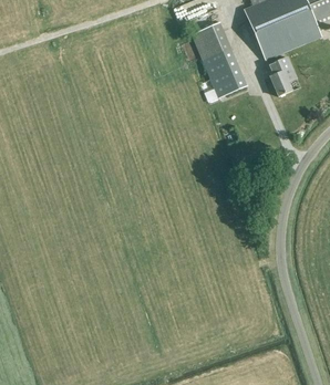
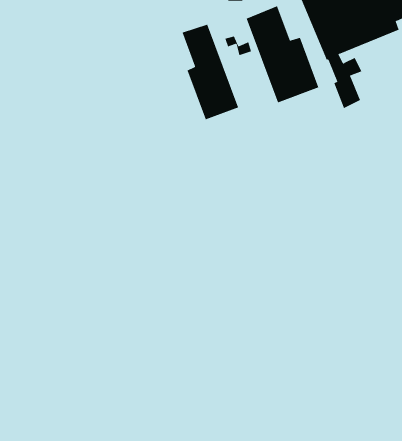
building: none -> [182,24,239,120]

